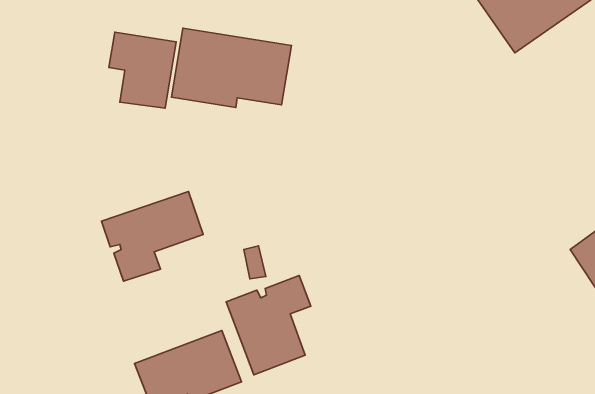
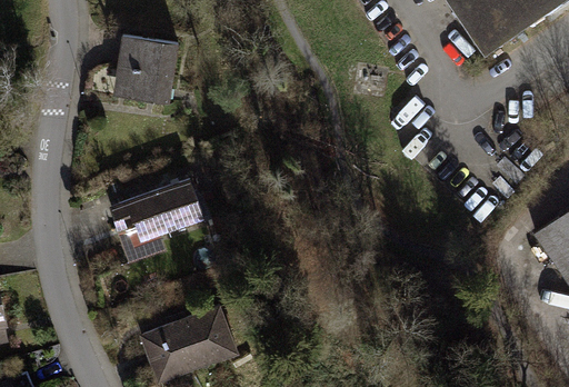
building: [172,28,291,108] -> none
building: [226,276,311,375] -> none

